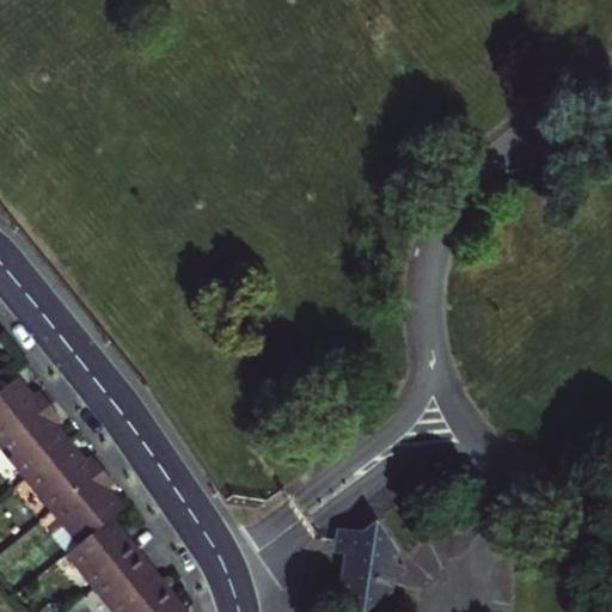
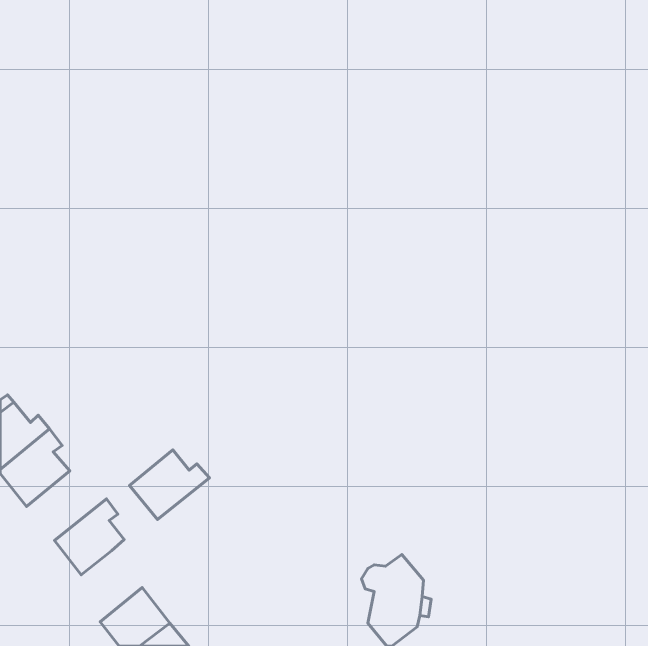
building: [25,443,100,509] -> [130,450,210,520]
building: [66,519,134,586] -> none

